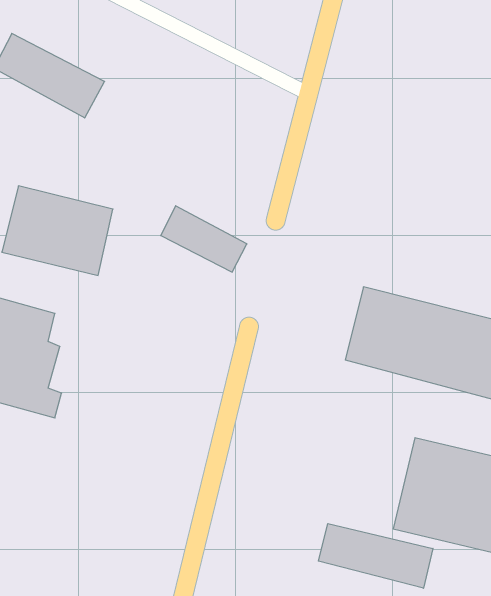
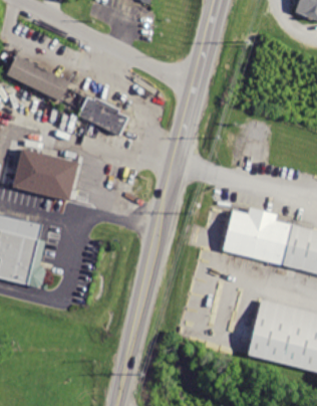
building: [161,206,247,272] -> [78,93,130,134]
building: [318,524,433,588] -> none

